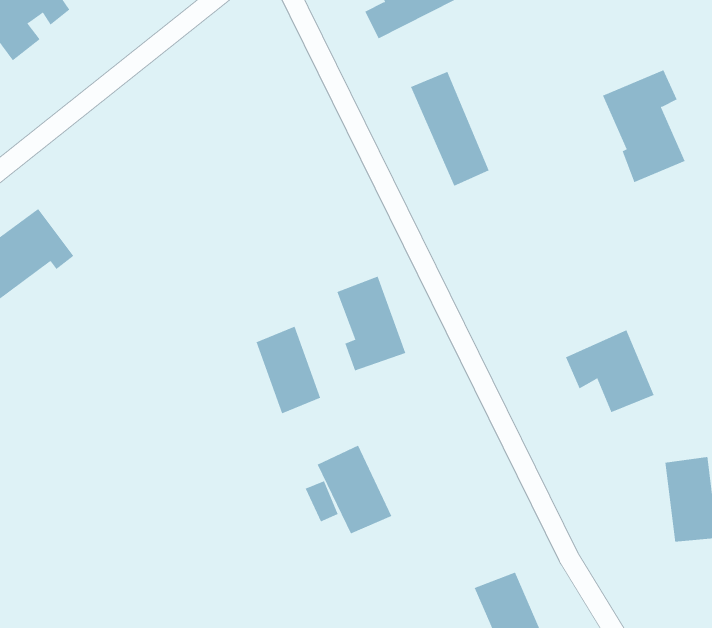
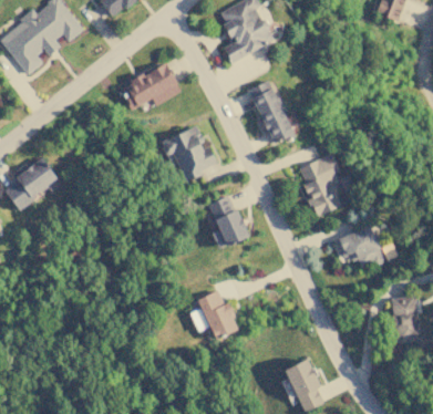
building: none -> [120,64,181,110]
building: [602,70,686,183] -> [298,154,344,217]
building: none -> [161,126,217,179]
building: [256,326,321,414] -> none

